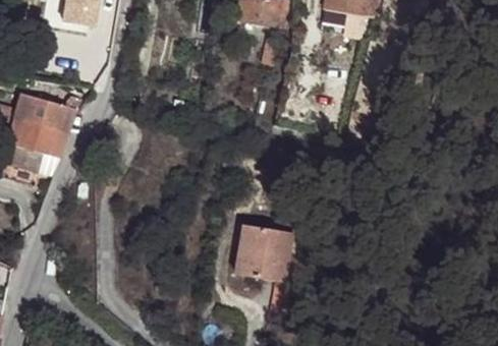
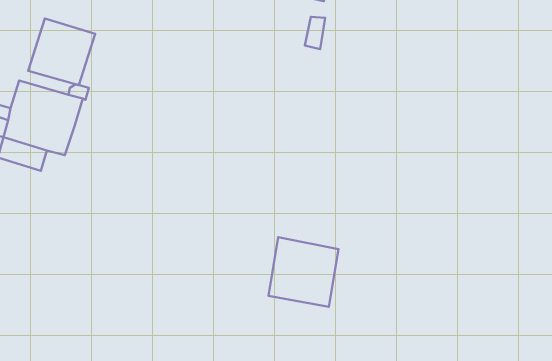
building: none -> [28,18,95,85]

